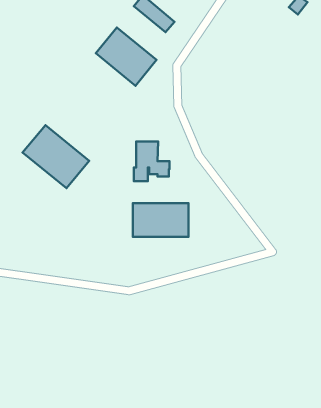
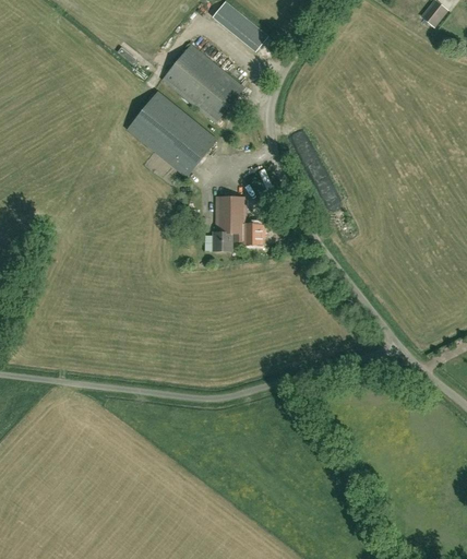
building: [23,125,89,188] -> [127,92,216,177]
building: [133,203,188,237] -> none

